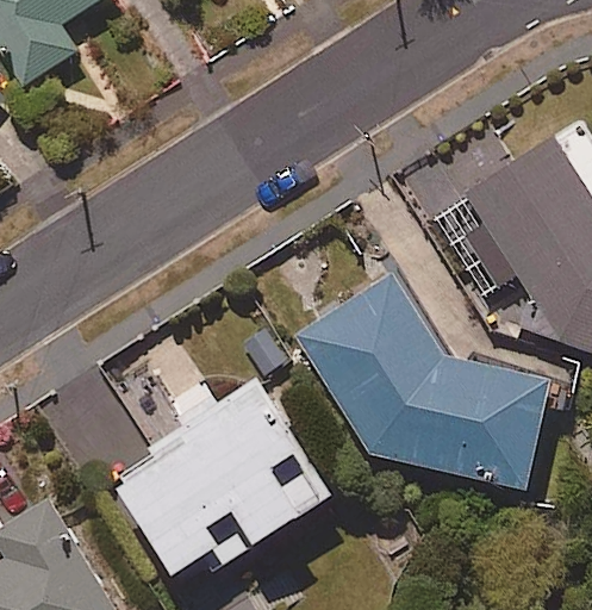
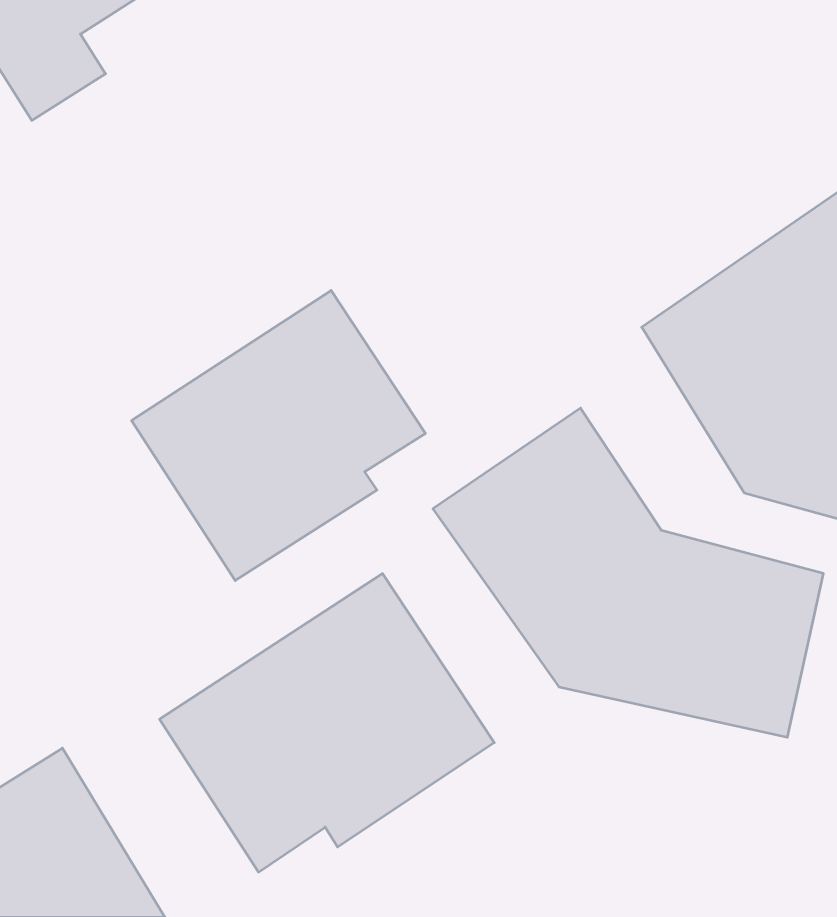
building: none -> [132,290,425,581]

